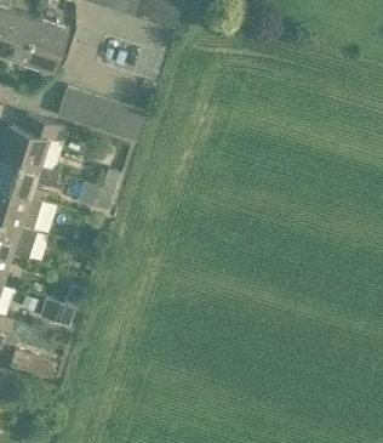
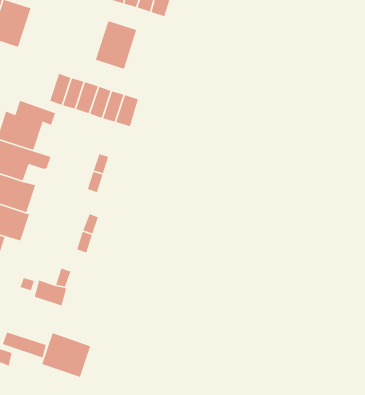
building: [24,21,68,72] -> [95,20,137,70]
building: none -> [41,332,91,378]

